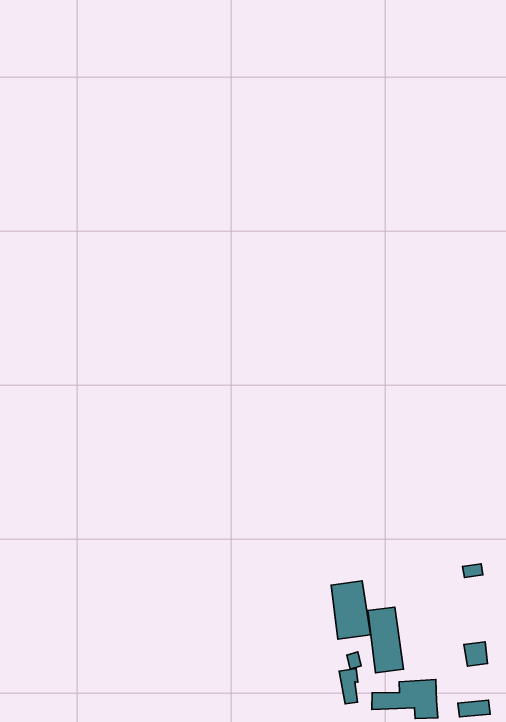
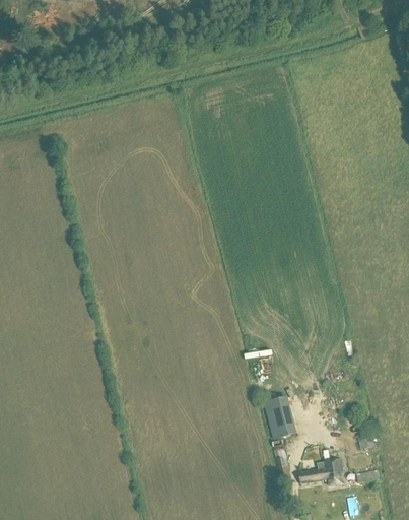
building: [368,607,404,673] -> none

